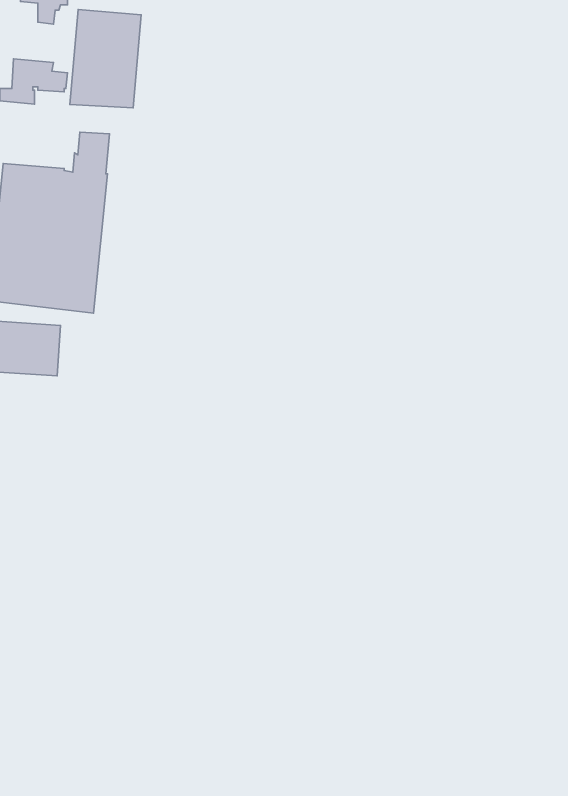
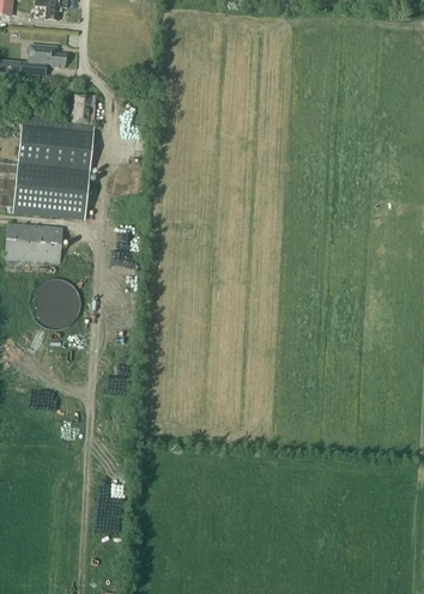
building: [70,9,141,108] -> none
building: none -> [29,277,80,328]

